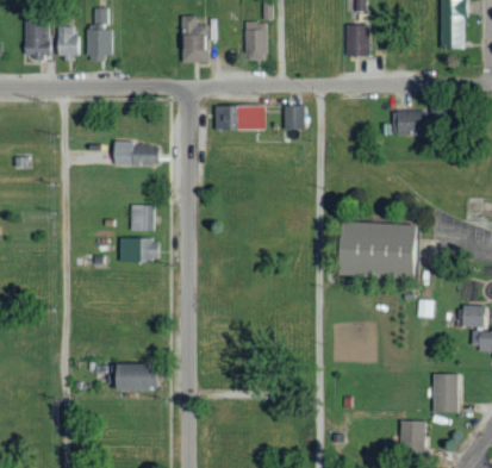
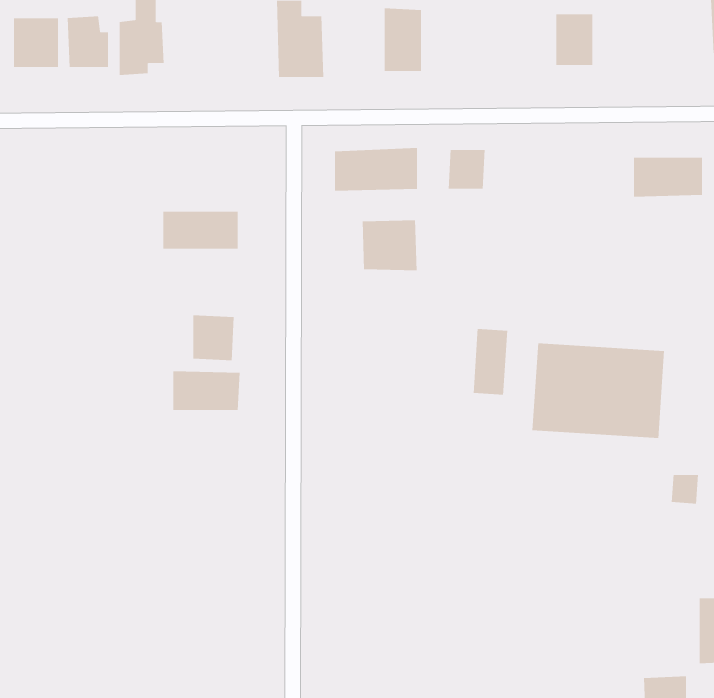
building: none -> [362,219,417,271]
building: none -> [473,328,508,396]
building: [113,363,155,391] -> none

